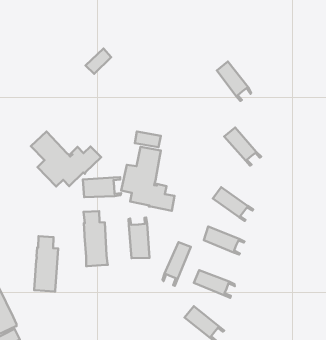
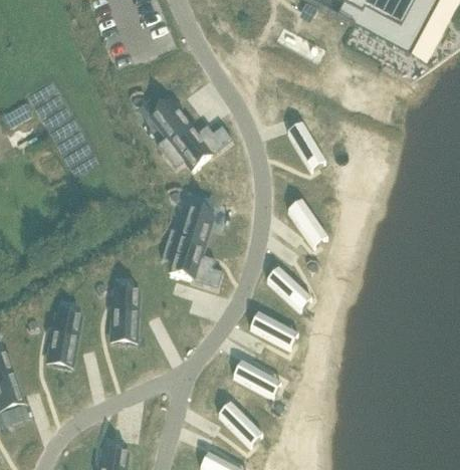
building: [31,131,101,187] -> [152,102,232,169]
building: [83,177,121,197] -> none
building: [129,217,150,258] -> none
building: [163,242,191,286] -> none

